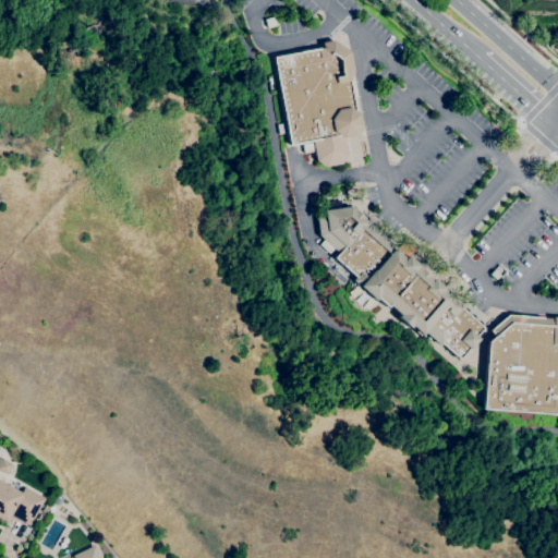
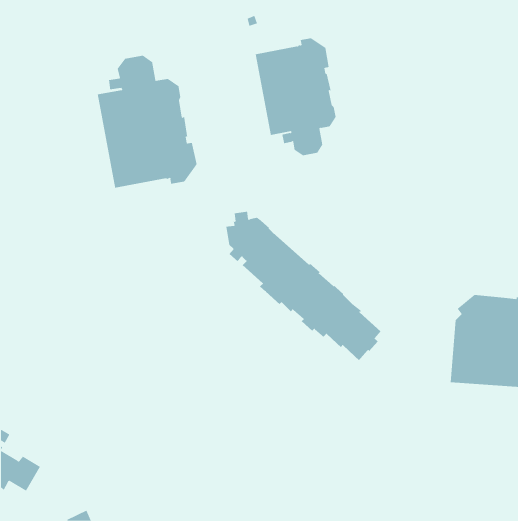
building: none -> [97,55,197,188]
building: [318,199,485,360] -> [226,211,382,361]

